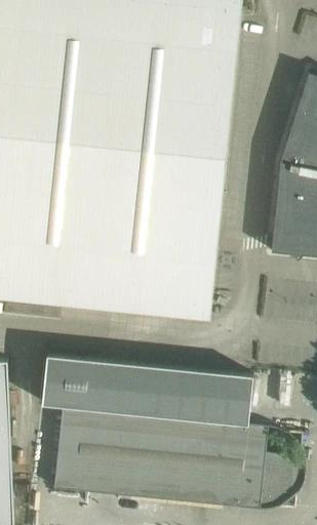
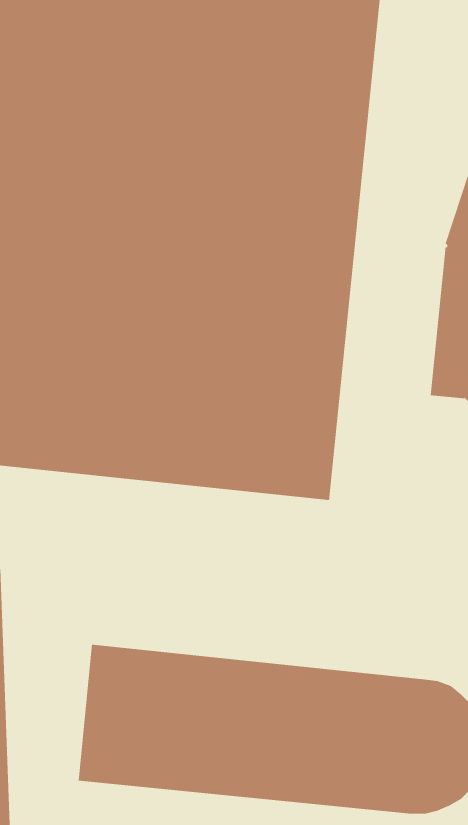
building: [41,356,252,427] -> none

